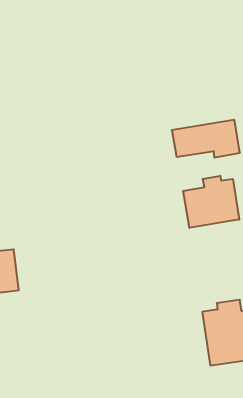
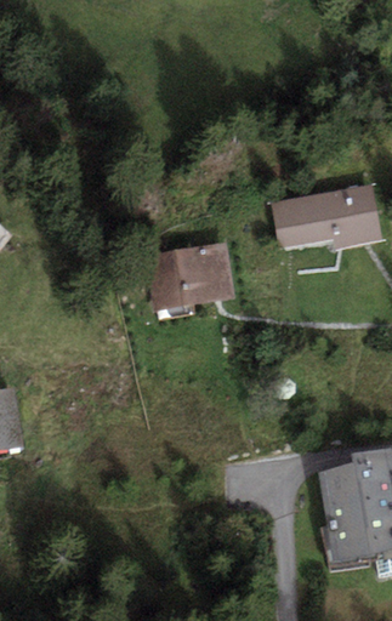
building: none -> [138,245,227,308]
building: [183,176,239,228] -> none

